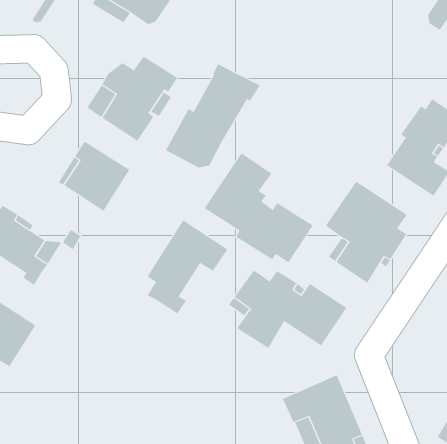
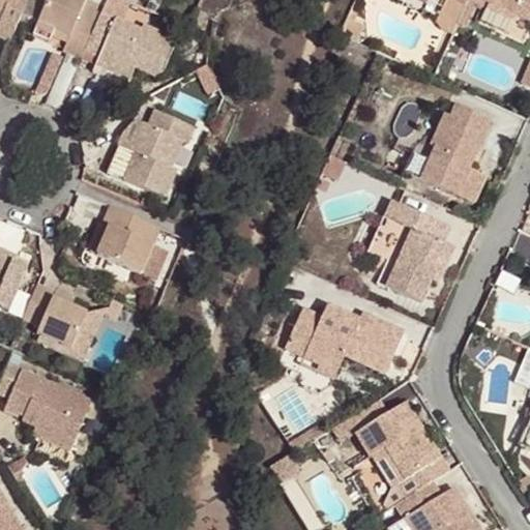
building: [165,64,260,168] -> none
building: [204,153,314,263] -> none
building: [147,220,228,314] -> none

